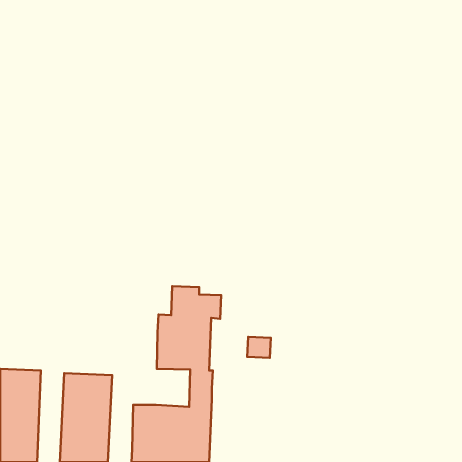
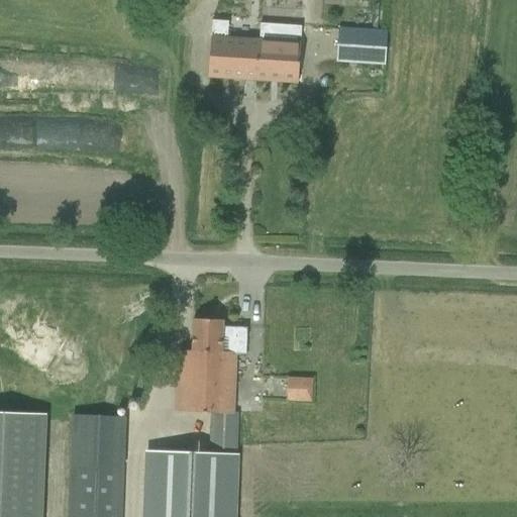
building: none -> [208,20,302,84]
building: none -> [336,27,389,67]

